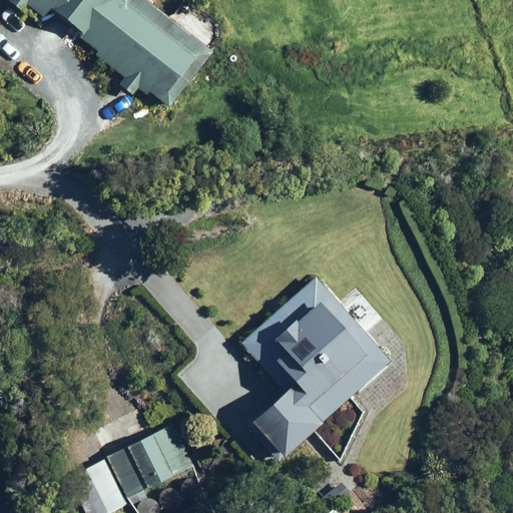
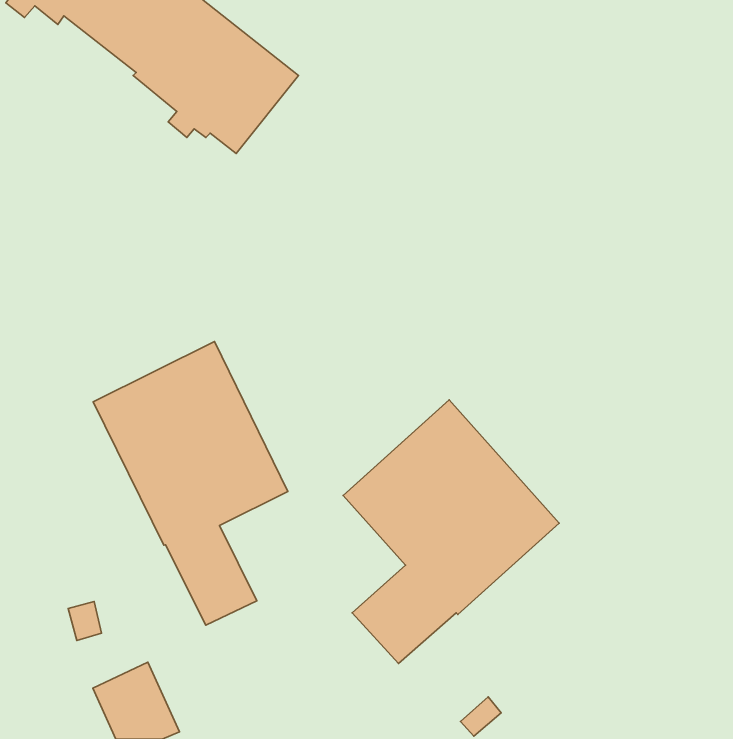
building: none -> [93,342,288,625]
building: [109,424,195,503] -> none

